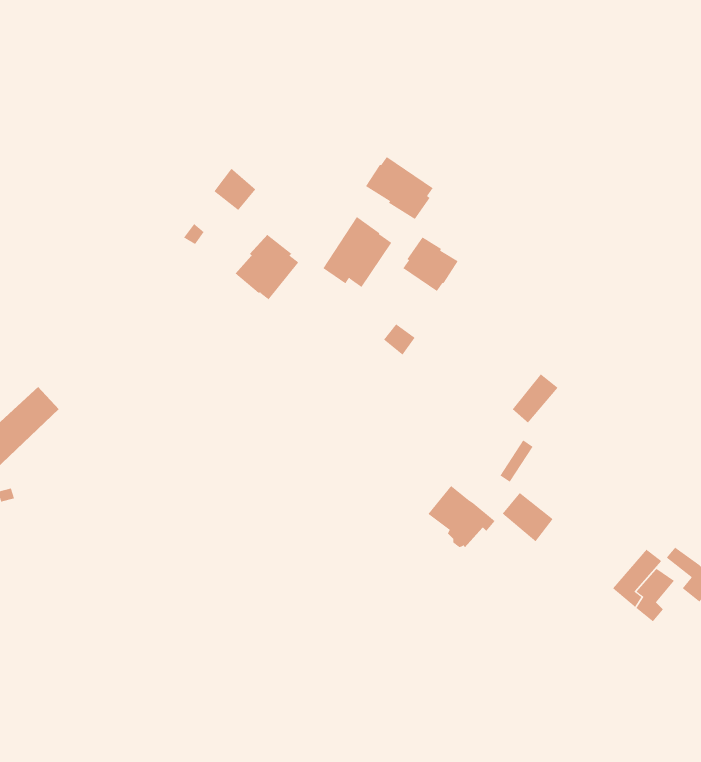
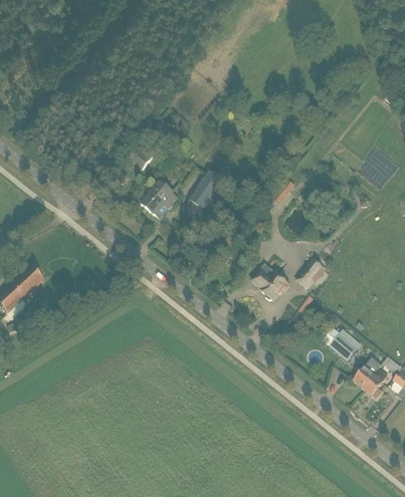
building: [365,156,434,220] -> none
building: [403,237,459,292] -> none
building: [427,485,495,548] -> [251,264,289,299]
building: [502,492,554,542] -> [329,332,358,360]

